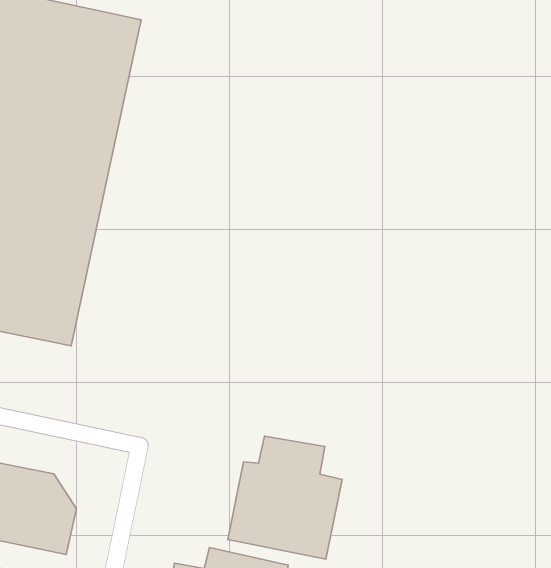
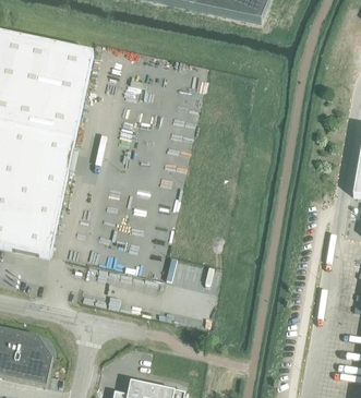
building: [228,436,342,559] -> none

